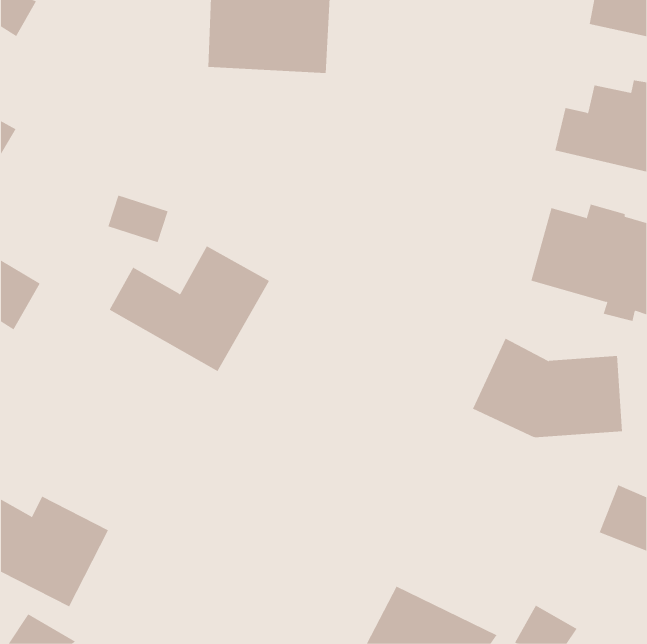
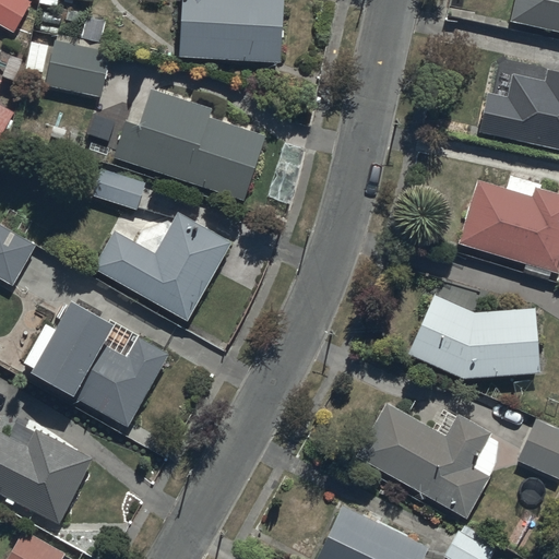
building: none -> [46,39,110,97]
building: none -> [112,90,265,200]
building: none -> [32,304,171,428]
building: none -> [354,401,495,518]

